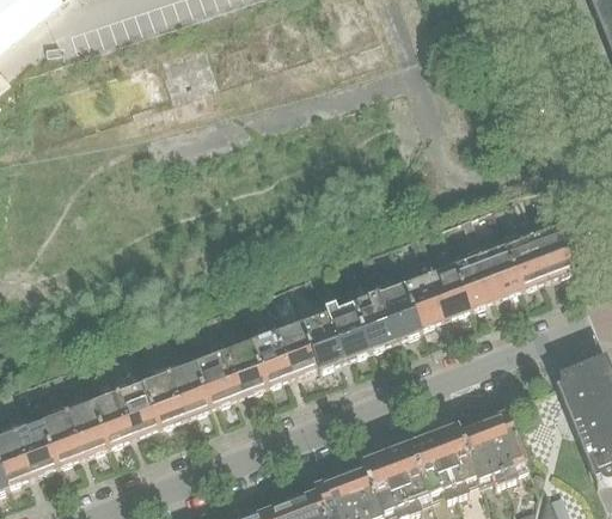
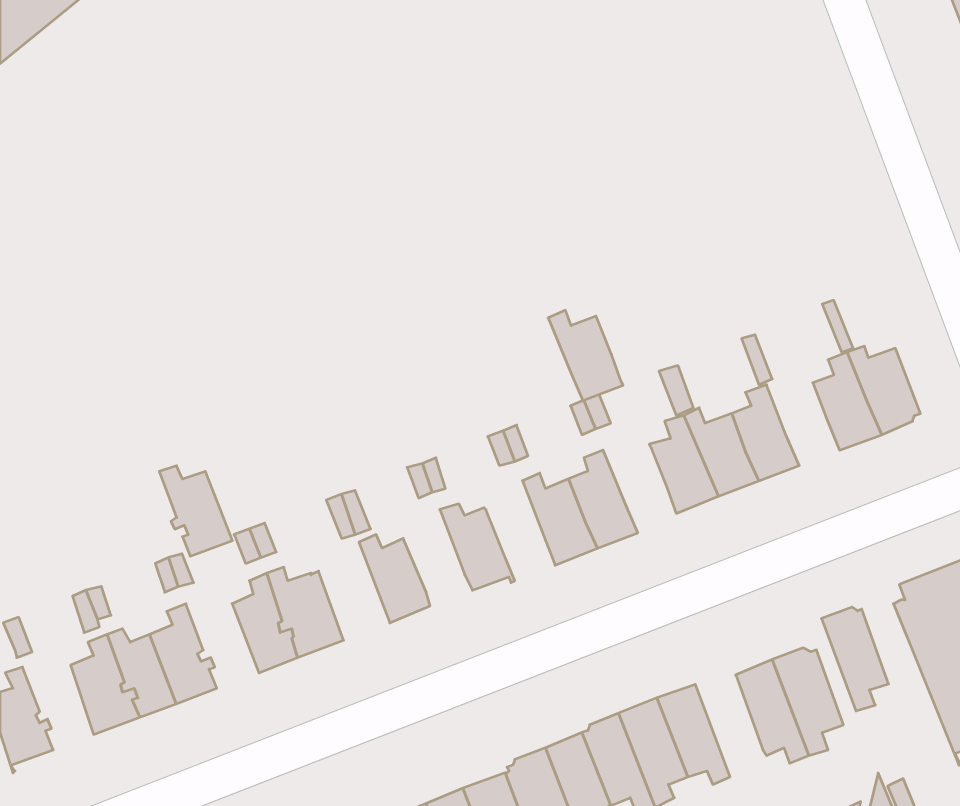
building: [477,244,522,299] -> none
building: [375,285,422,341] -> [548,310,623,401]
building: [302,309,345,371] -> none
building: [251,326,294,386] -> none
building: [198,347,243,408] -> none
building: [116,381,161,438] -> [159,466,232,556]
building: [14,420,59,476] -> none
building: [433,428,475,493] -> [821,607,889,711]

